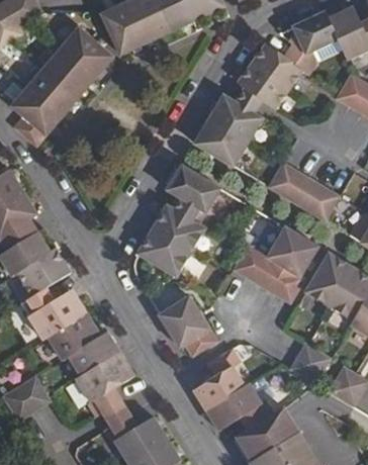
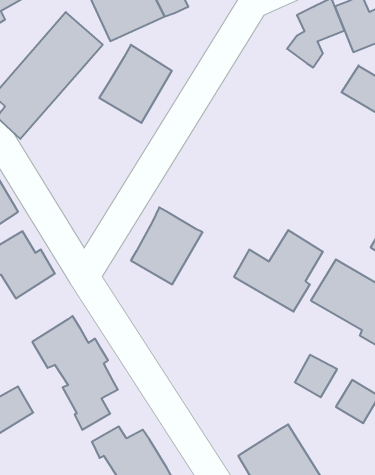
building: [237,43,301,110] -> none
building: [193,96,261,169] -> [99,45,172,123]
building: [267,163,339,222] -> none
building: [165,167,220,226] -> none
building: [26,288,79,335] -> none
building: [159,297,216,357] -> none
building: [199,349,274,431] -> none

